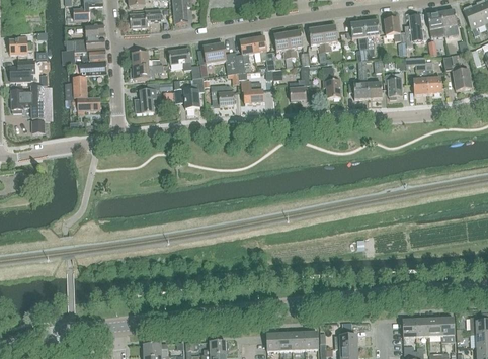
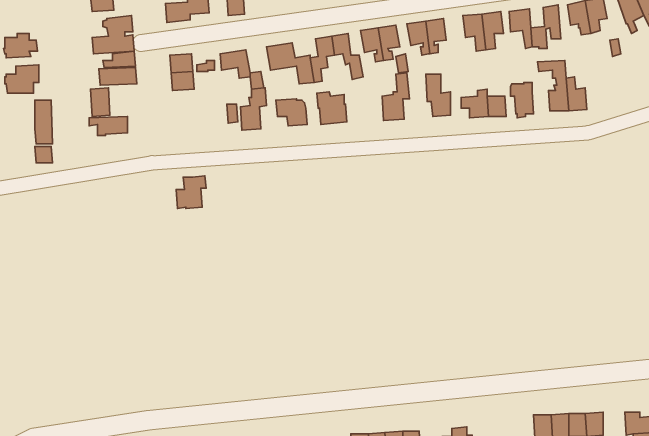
building: [443,56,471,89] -> none
building: [11,84,31,112] -> none
building: [135,88,157,112] -> [176,176,206,208]

